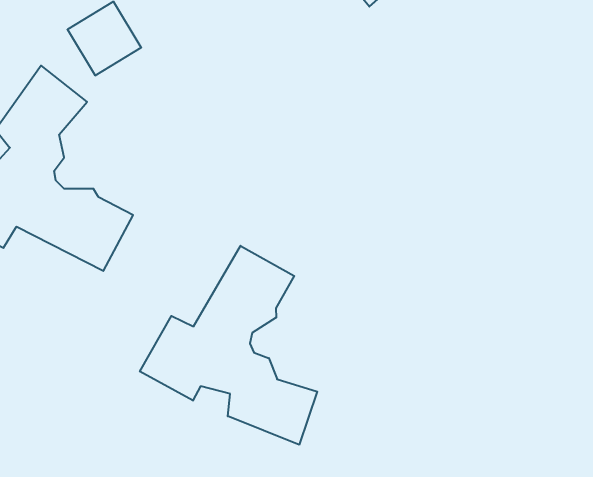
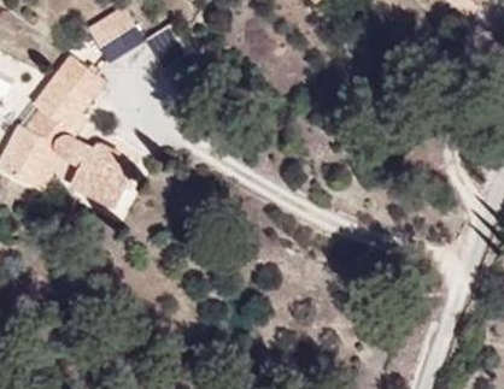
building: [140,246,317,445] -> none

